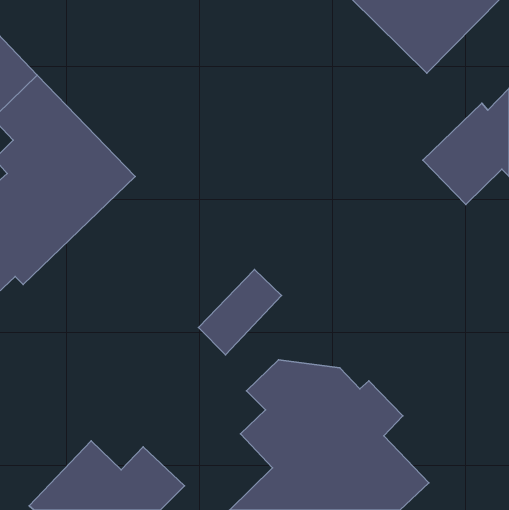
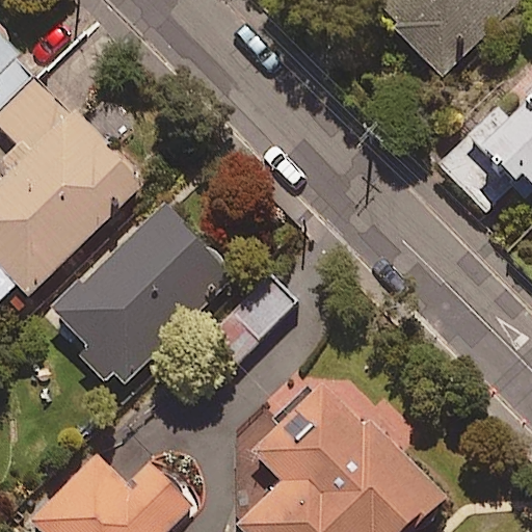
building: none -> [55,208,232,387]

